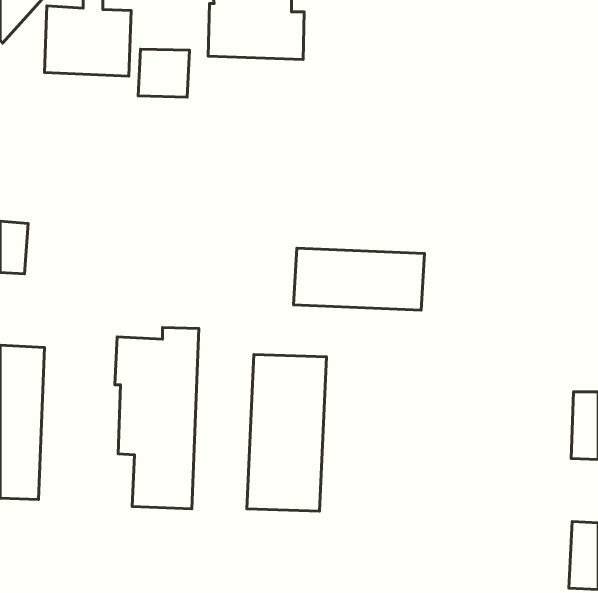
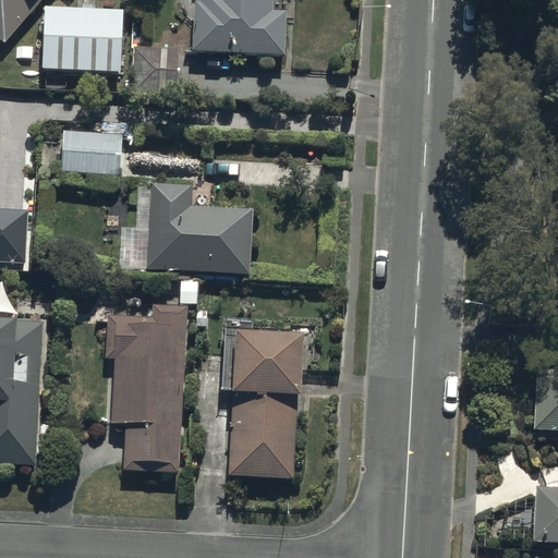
building: none -> [58,131,120,175]
building: none -> [146,180,255,271]
building: [294,248,424,310] -> none

